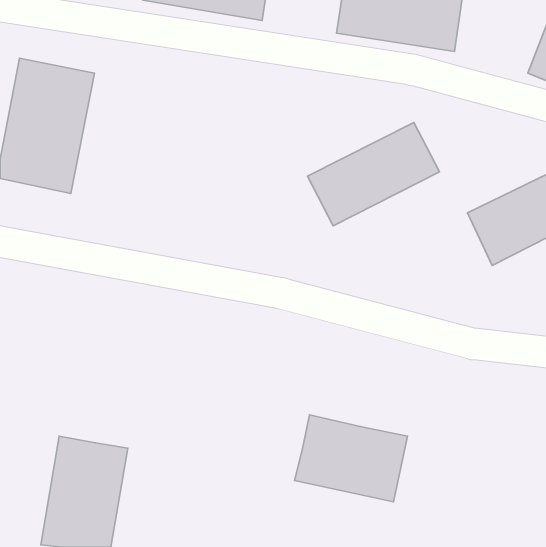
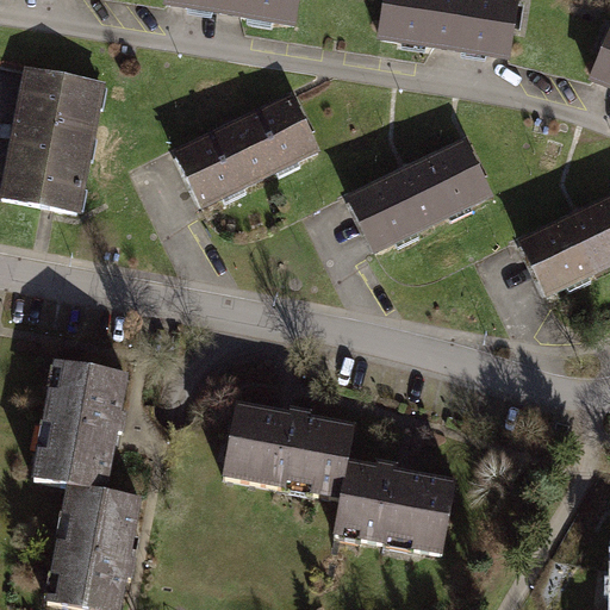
building: none -> [170,93,318,208]
building: none -> [36,363,129,491]
building: none -> [220,406,353,499]

